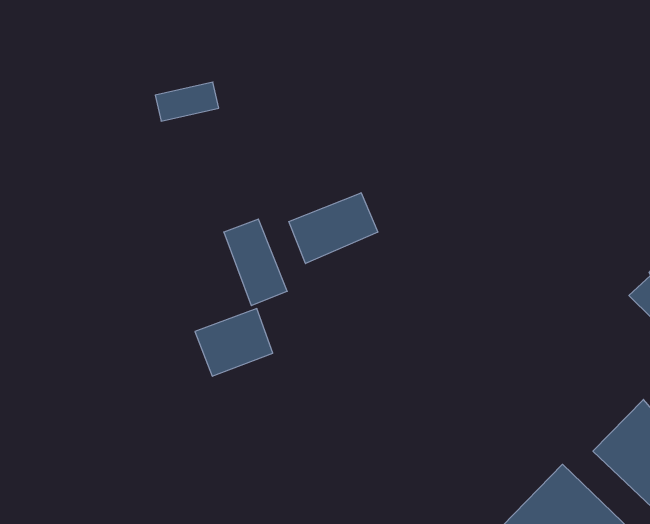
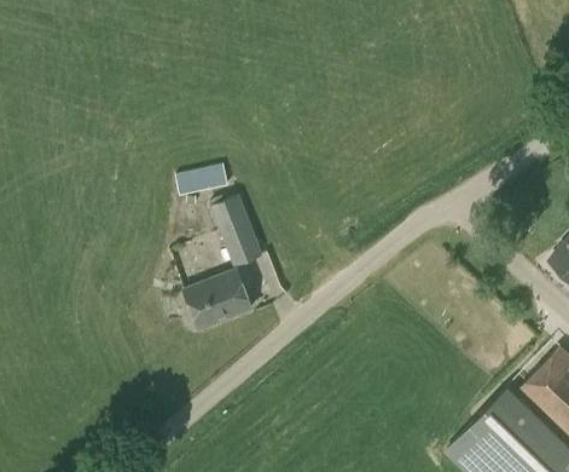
building: [155,82,219,121] -> [175,163,228,196]
building: [289,193,378,264] -> none

